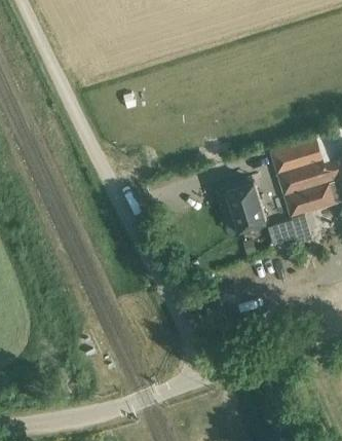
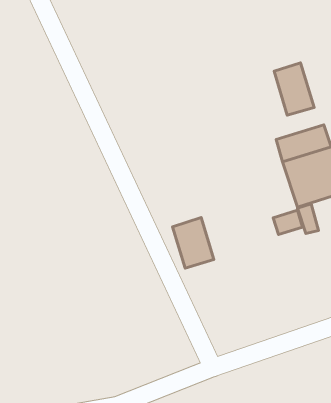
building: none -> [274,63,314,115]
building: [227,182,267,231] -> [173,217,214,268]

